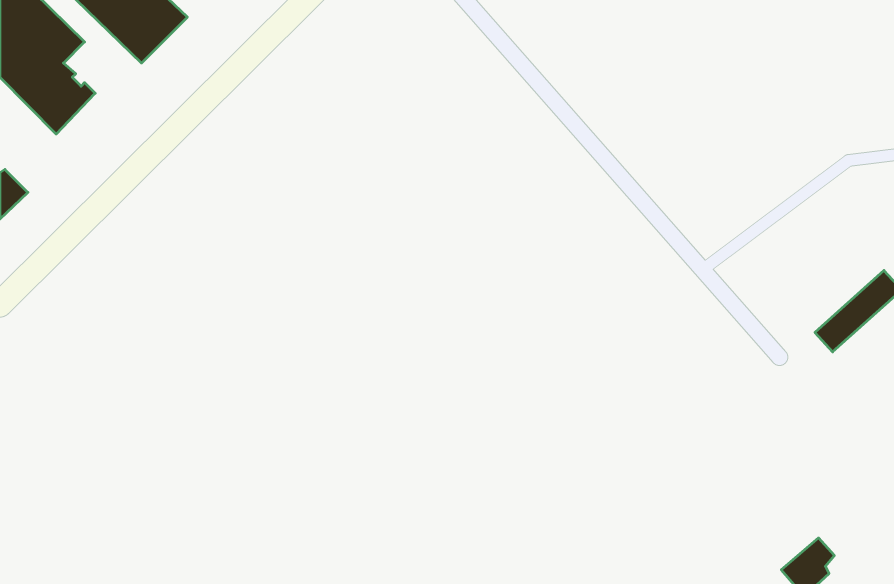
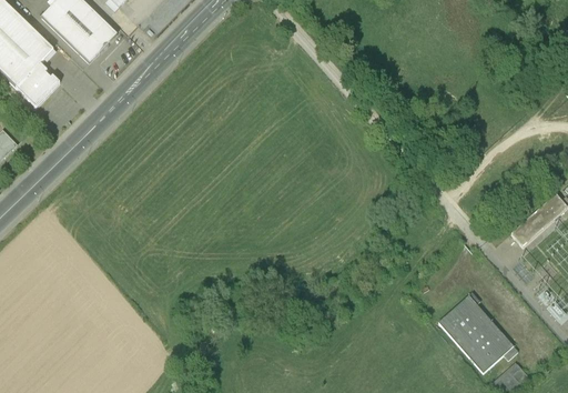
building: none -> [436,292,517,370]

